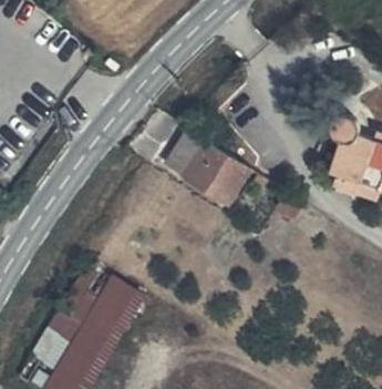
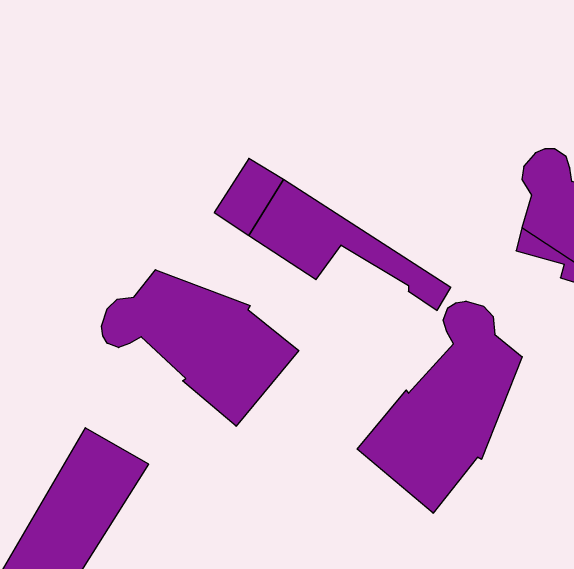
building: none -> [102,270,299,426]
building: none -> [357,301,522,513]

